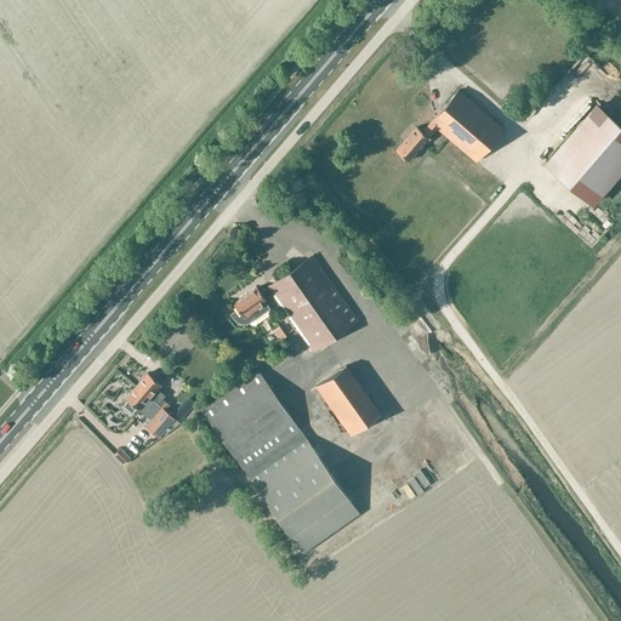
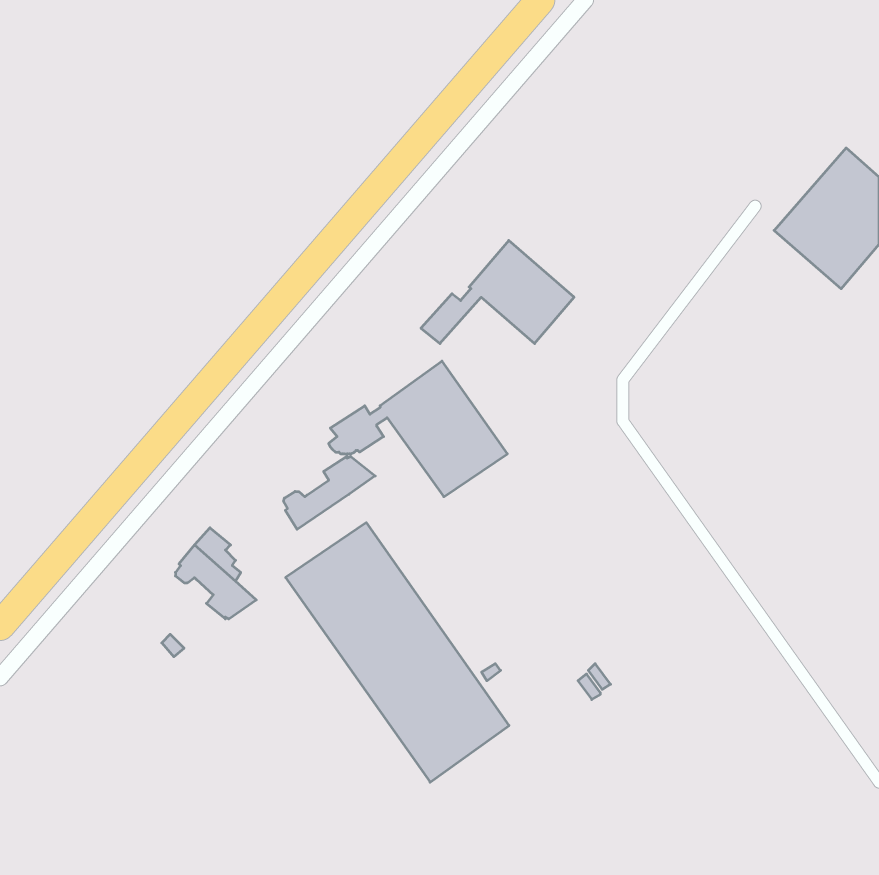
building: [395,91,503,164] -> [421,240,574,344]
building: none -> [284,456,375,529]
building: [315,366,381,437] -> none

